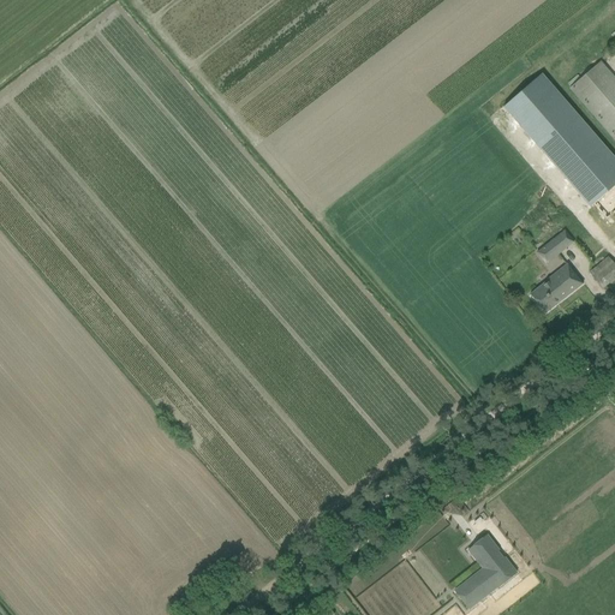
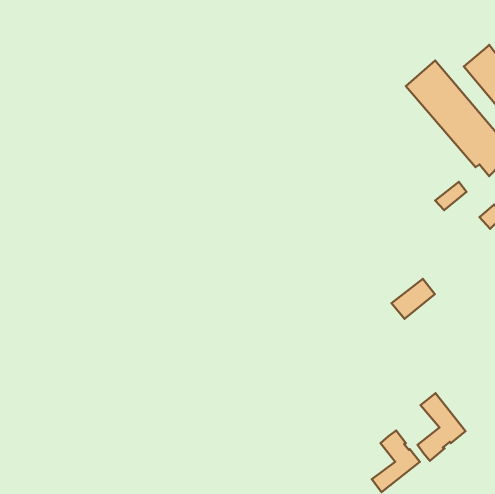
building: [535,258,587,308] -> [392,279,435,319]
building: none -> [418,393,465,461]

